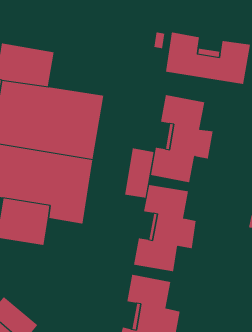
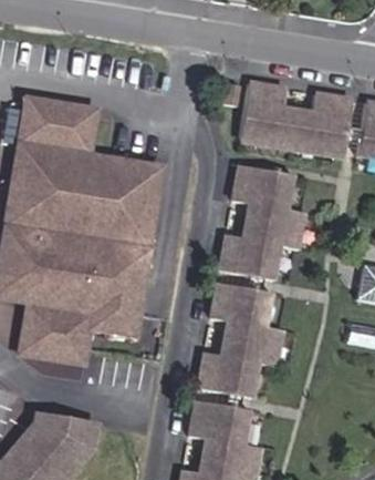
building: [125,147,154,199] -> none
building: none -> [29,416,94,468]

